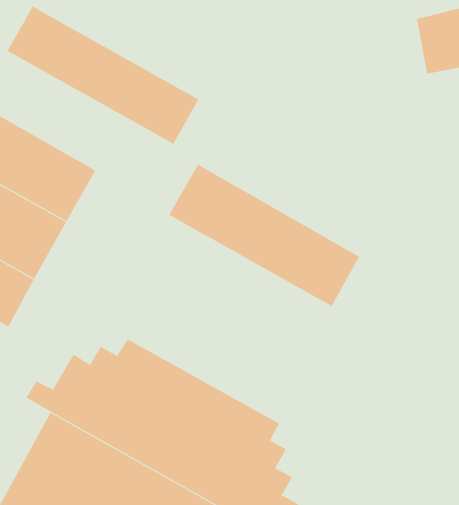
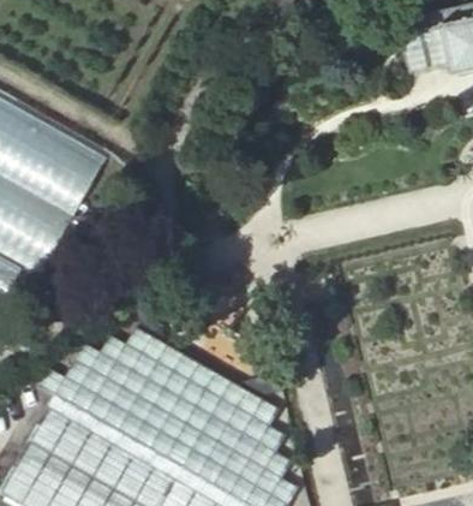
building: [7,6,199,144] -> none
building: [169,164,360,307] -> none

